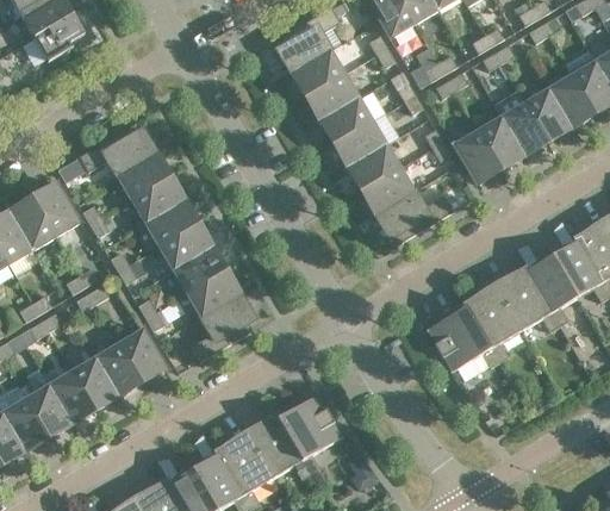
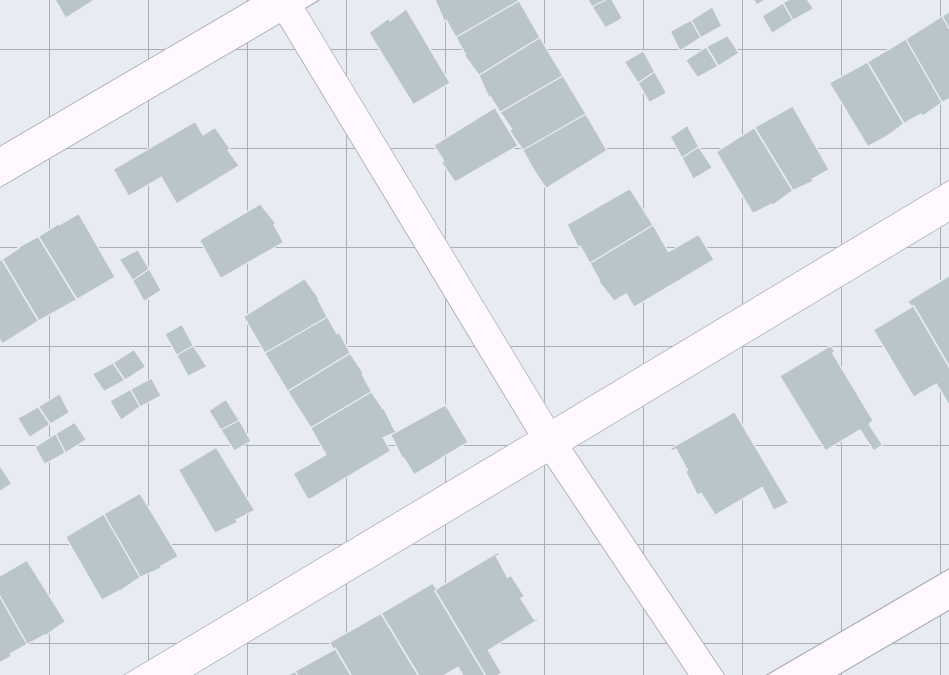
building: none -> [369,9,450,105]
building: [500,101,547,155] -> none
building: [347,143,399,189] -> [434,107,518,182]
building: [117,152,169,199] -> none
building: [144,200,197,247] -> none
building: [525,255,575,326] -> none
building: [461,283,521,362] -> none
building: none -> [391,405,468,475]
building: [94,342,141,395] -> none
building: [24,384,70,436] -> none

